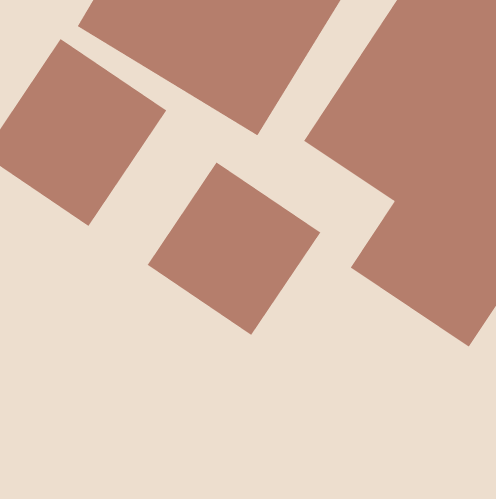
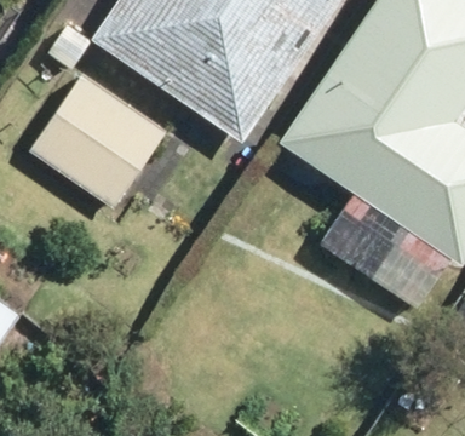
building: [147,162,321,336] -> none

